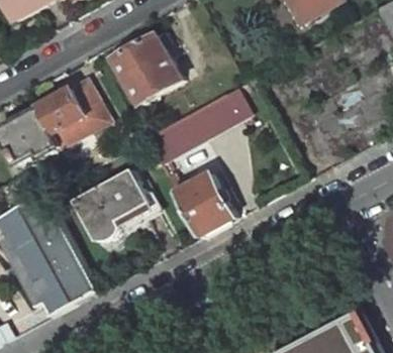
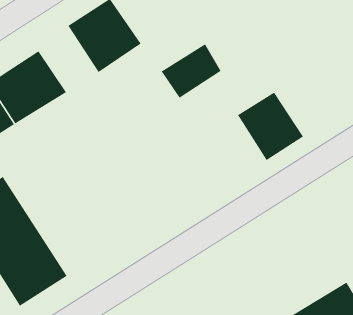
building: [142,107,211,162] -> none
building: [72,168,153,240] -> none
building: [173,173,233,237] -> [237,92,304,161]

